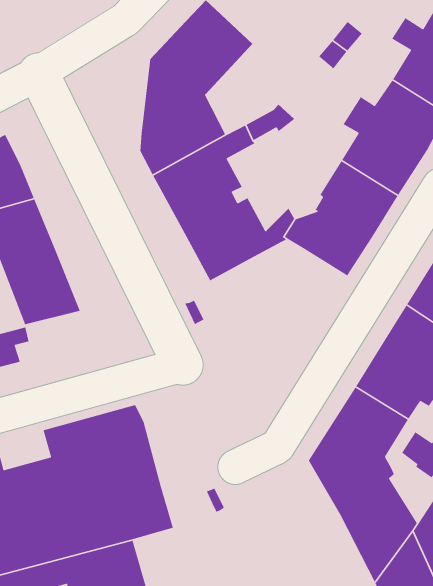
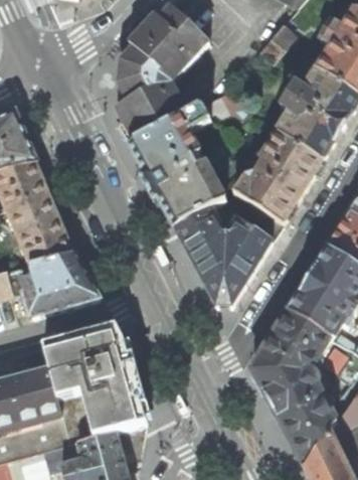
building: none -> [174,200,283,303]
building: none -> [21,250,100,313]

